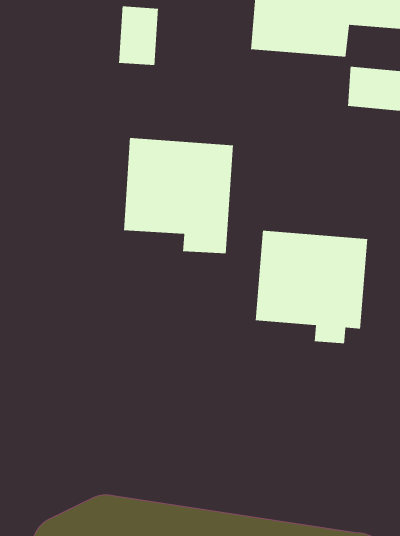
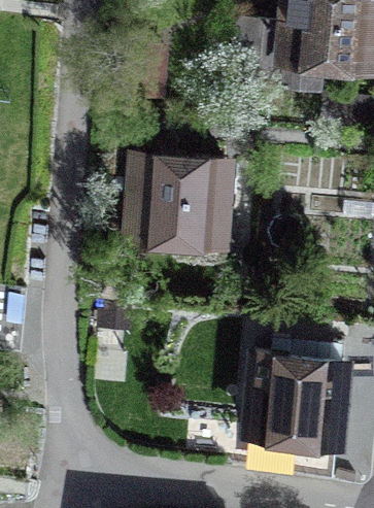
building: [255,230,368,344] -> [251,353,346,449]

